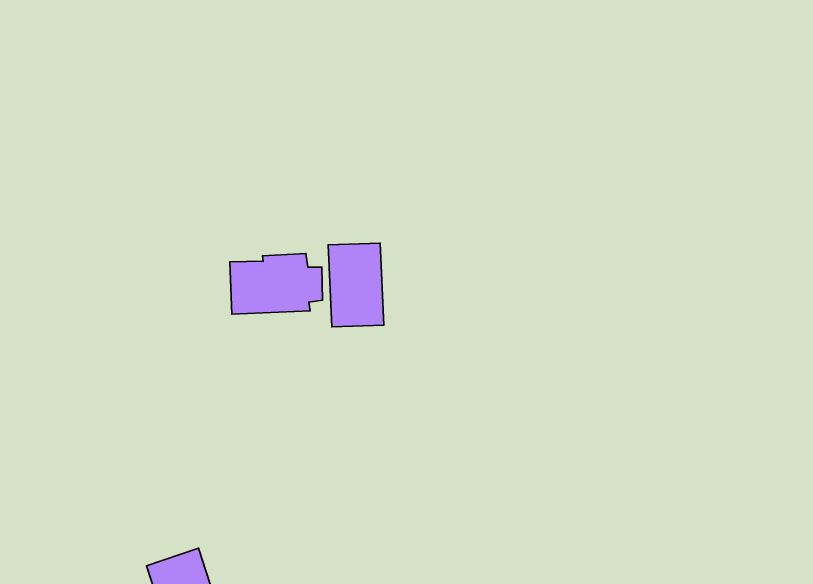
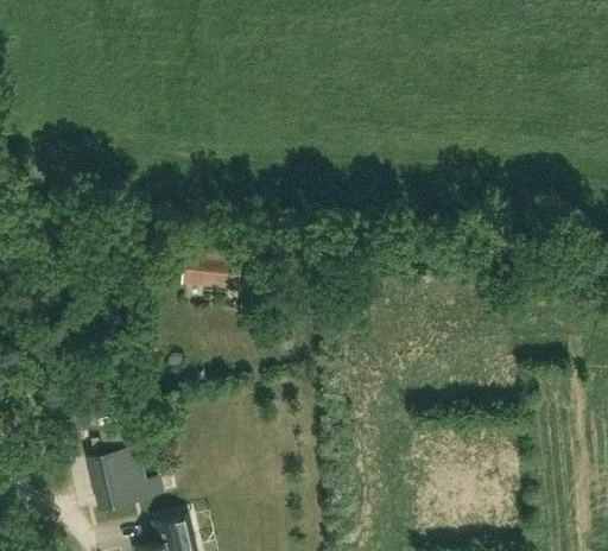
building: [328,243,384,327] -> none

